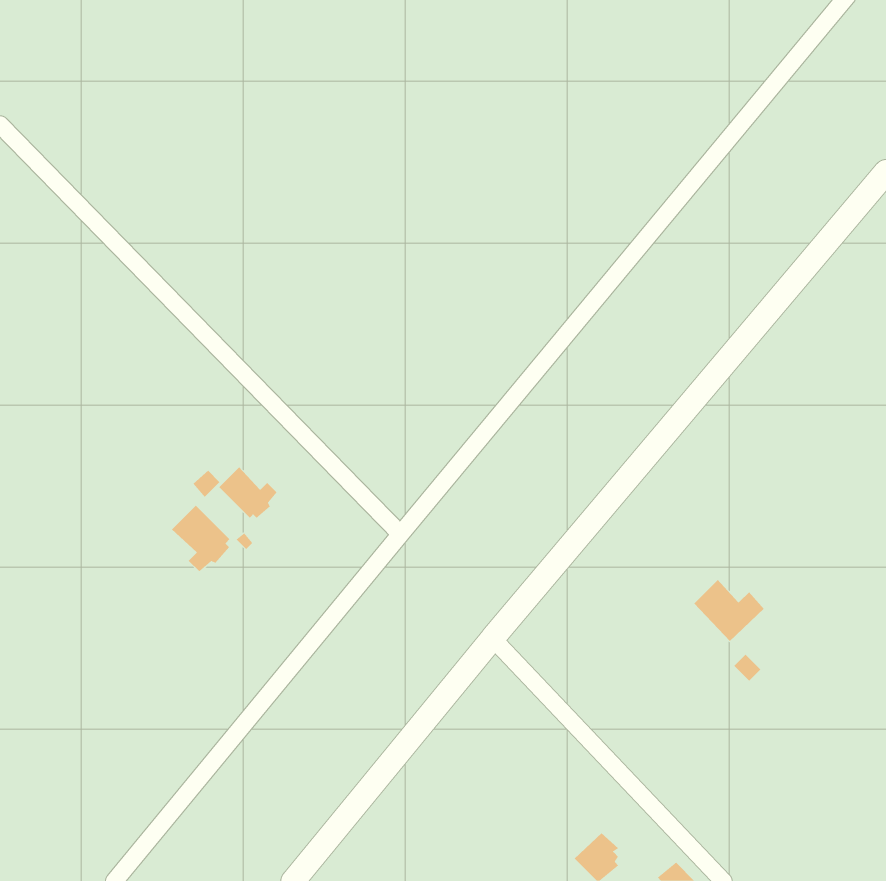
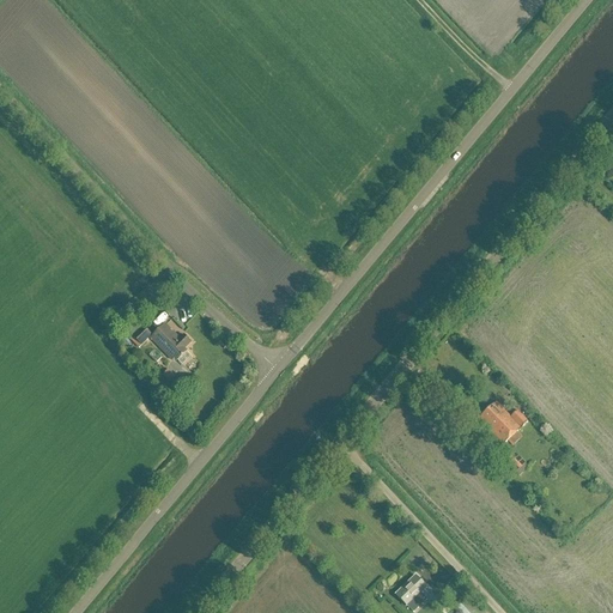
building: [171,505,230,572] -> none

